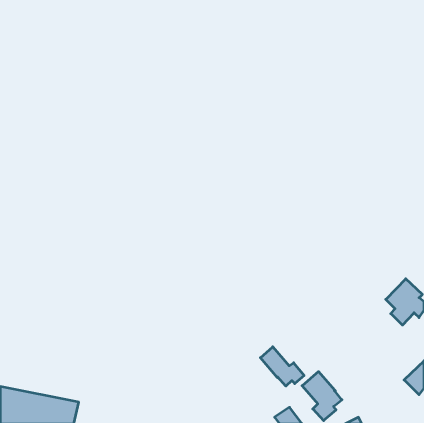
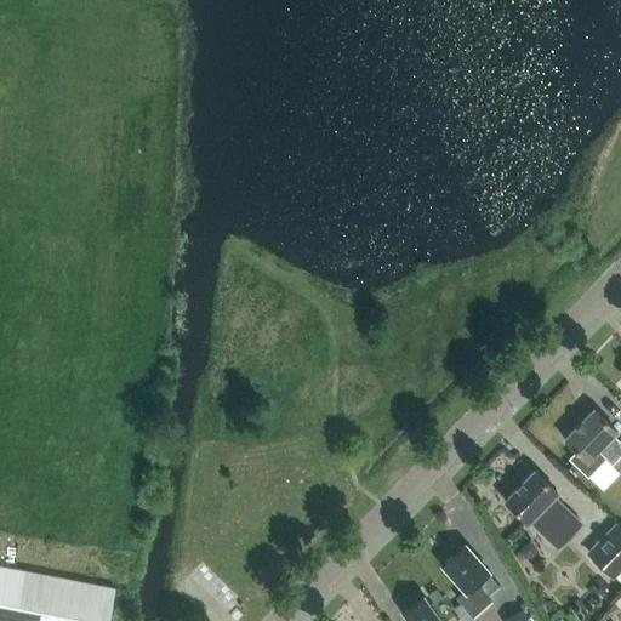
building: none -> [505,471,571,539]
building: [260,347,304,386] -> none

